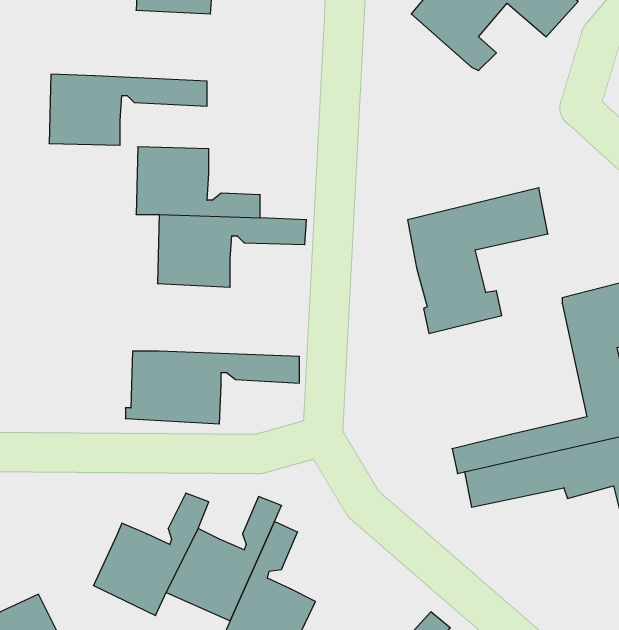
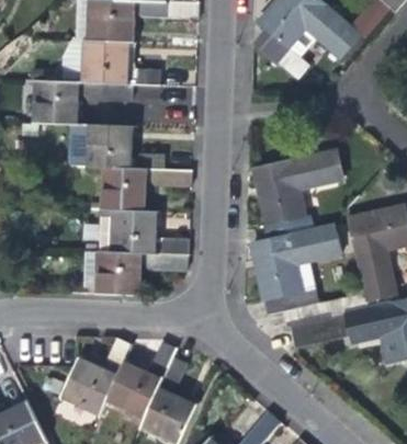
building: none -> [61,41,160,86]
building: none -> [100,209,189,254]
building: none -> [251,225,340,315]

